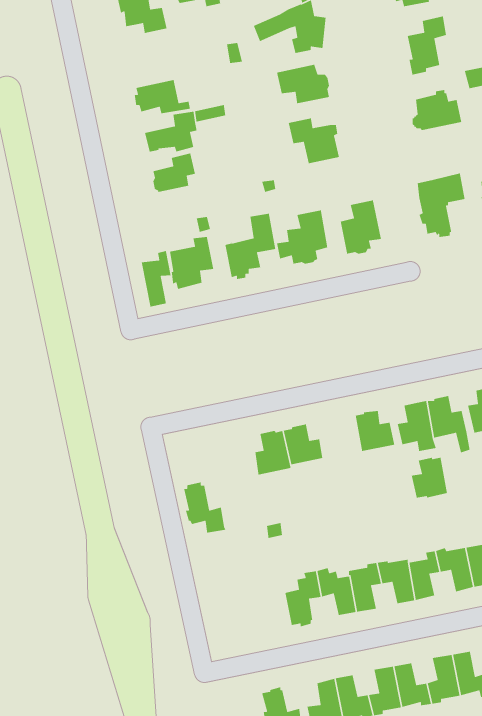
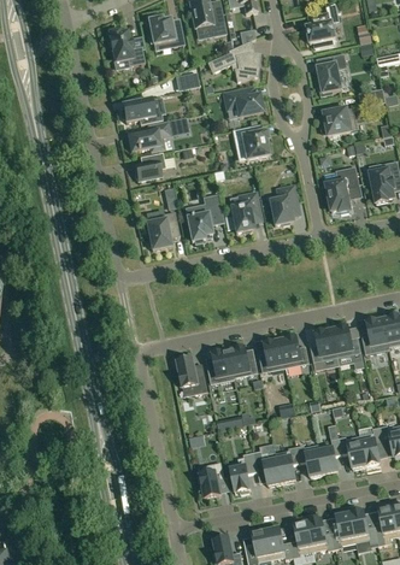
building: [141,250,171,308] -> none
building: [411,457,448,498] -> [259,341,286,371]
building: [183,482,227,533] -> [177,357,208,394]
building: none -> [199,463,225,500]

